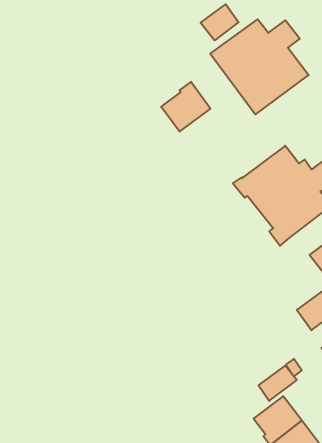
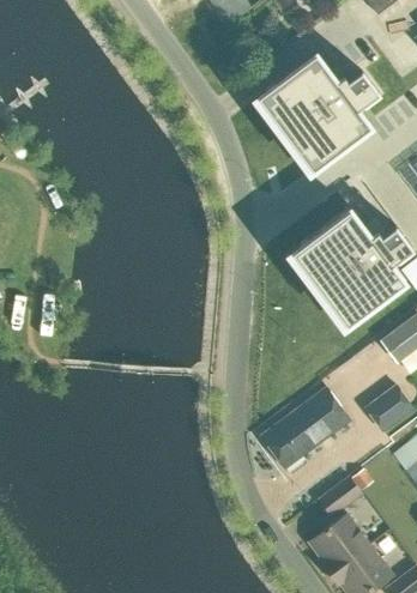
building: [201,4,239,40] -> none
building: [161,82,210,132] -> none
building: none -> [261,387,352,468]

